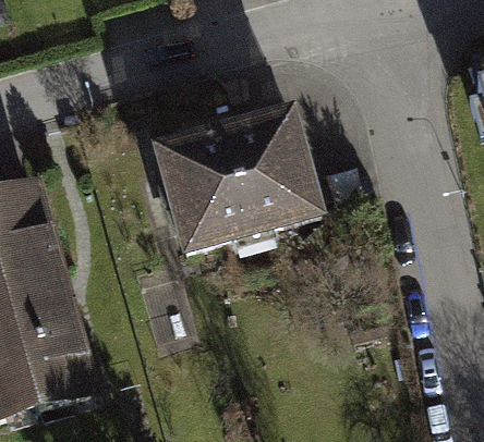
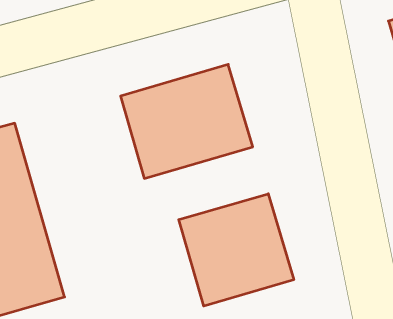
building: none -> [179,194,294,306]

